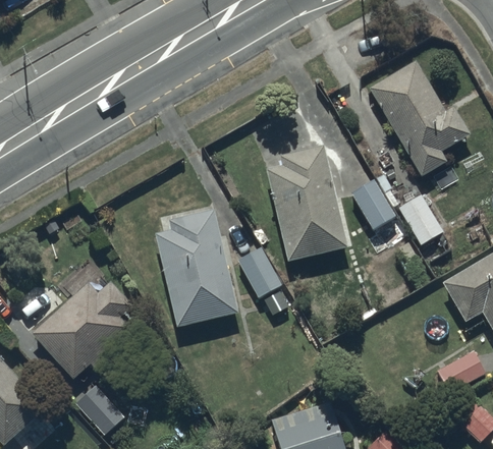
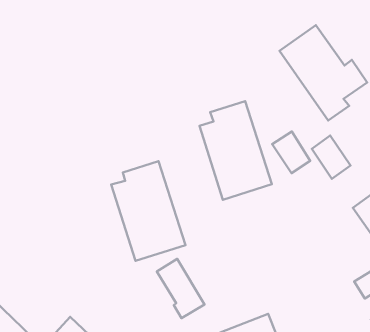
building: [238,247,292,319] -> [157,259,204,318]
building: [32,281,133,379] -> none

